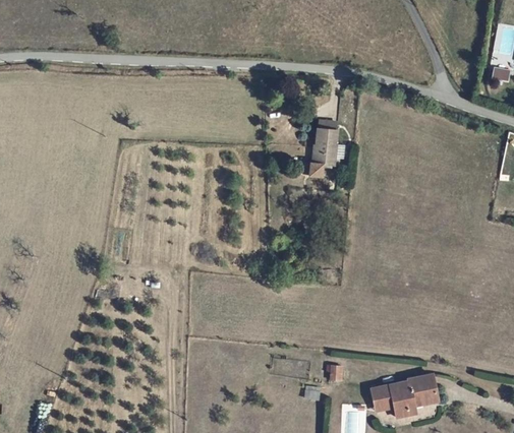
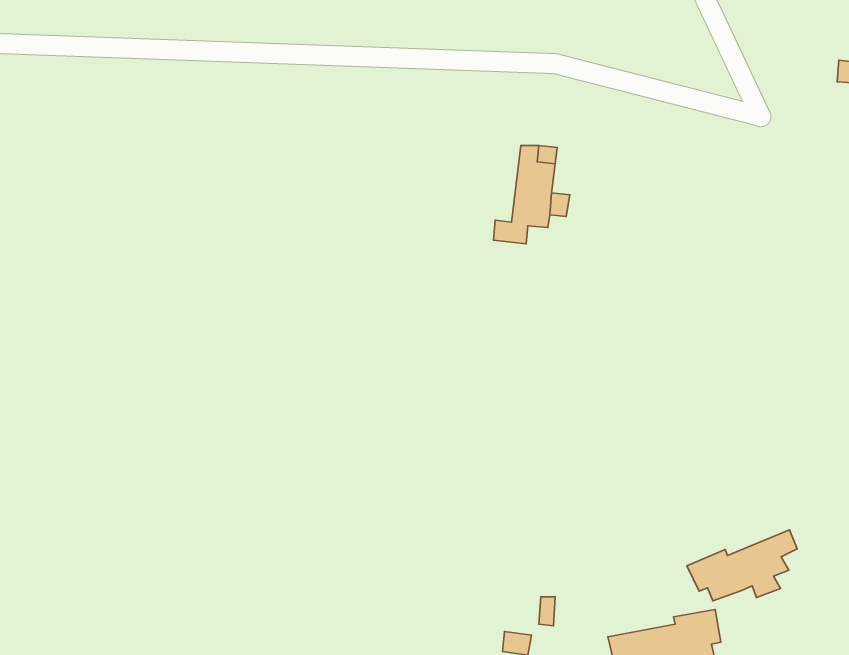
building: none -> [687,530,797,601]

